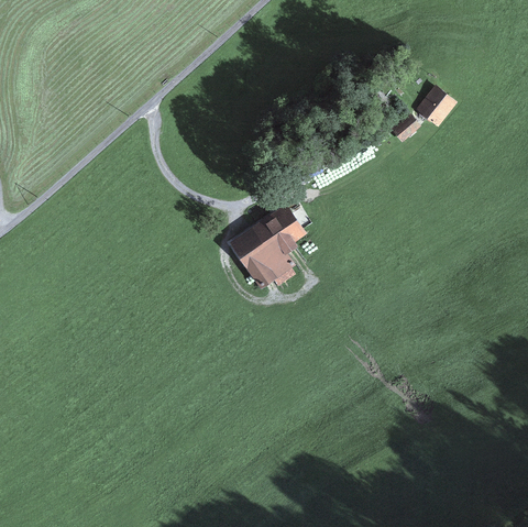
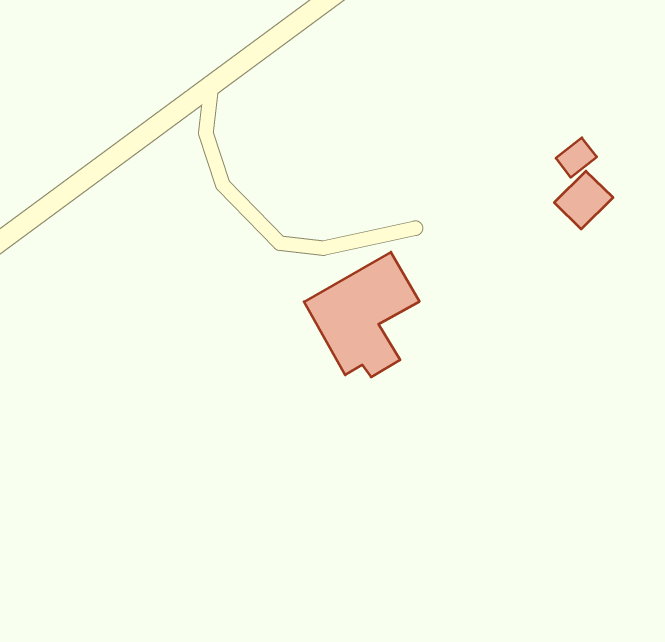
building: [415,87,454,127] -> [554,171,613,229]

